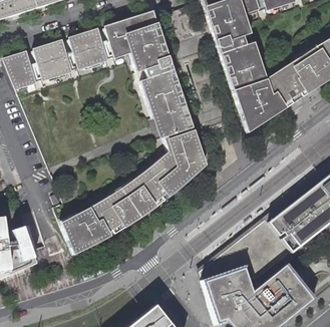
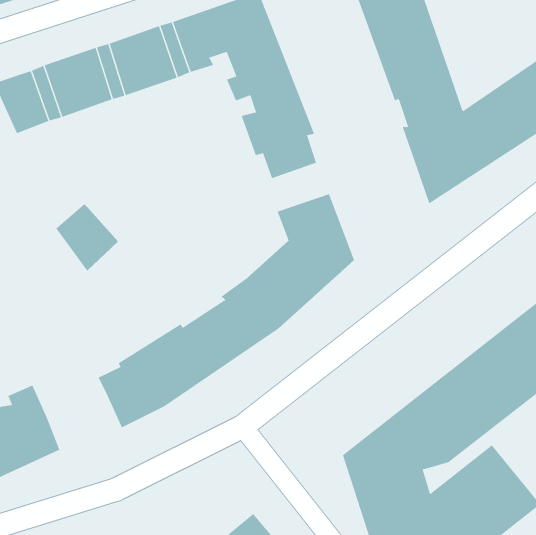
building: [161,103,194,132] -> none
building: none -> [56,203,119,271]

